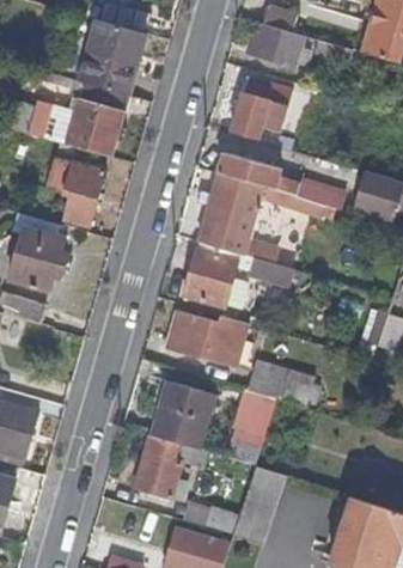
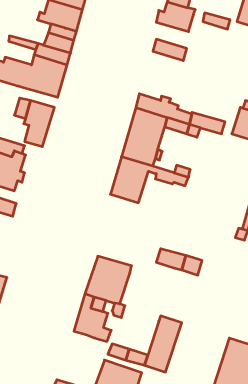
building: [231,93,286,139] -> none
building: [165,310,256,371] -> none
building: [231,389,274,435] -> none

